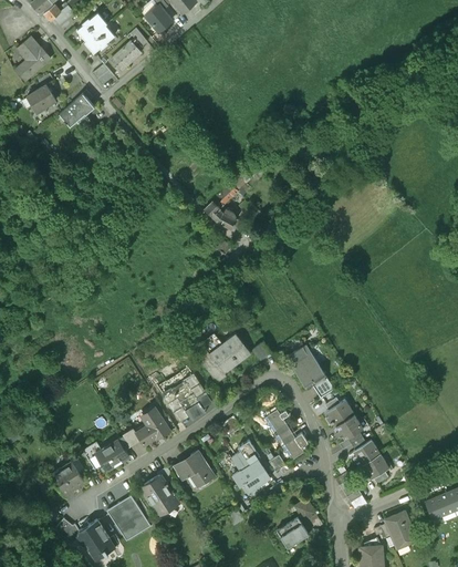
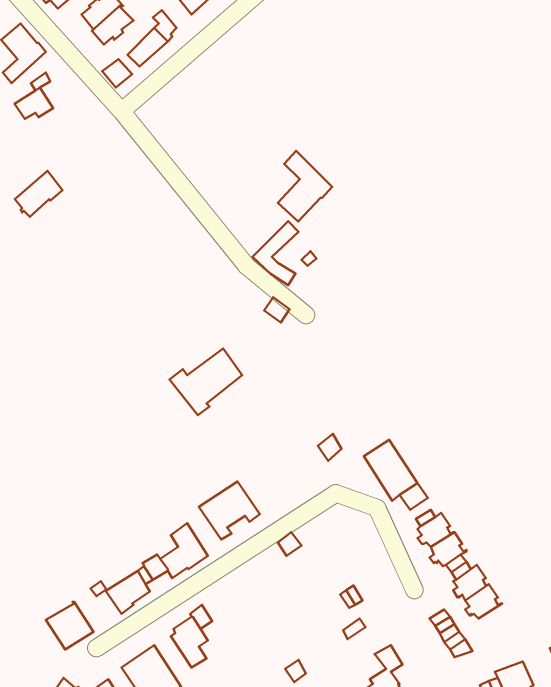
building: [59,91,94,125] -> [15,171,62,217]
building: none -> [278,151,332,221]
building: [196,333,250,383] -> [169,348,242,415]
building: [267,410,308,458] -> none
building: [231,440,270,495] -> none
building: [173,451,214,488] -> none

